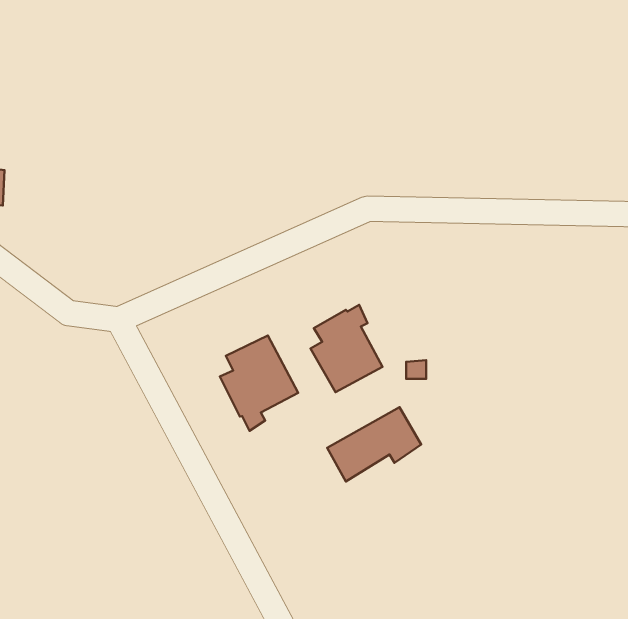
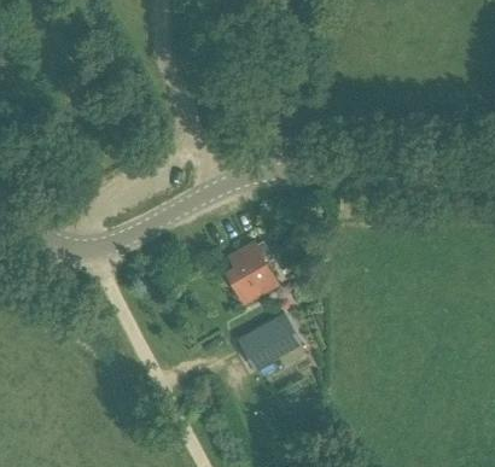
building: [220,336,298,431] -> none

